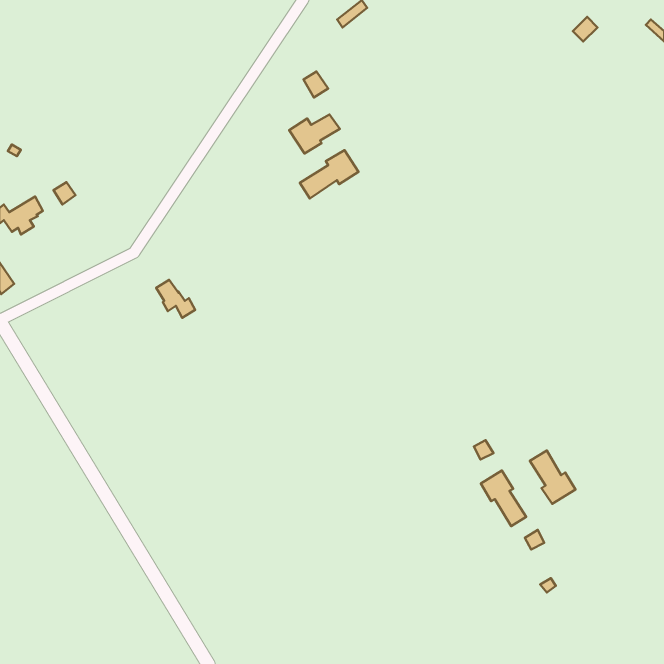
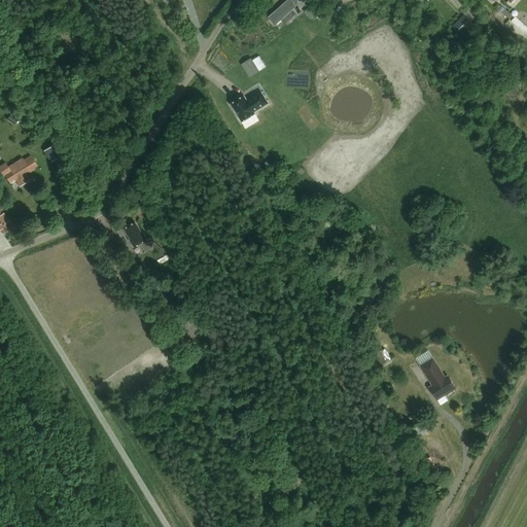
building: [300,150,358,199] -> none
building: [481,471,526,526] -> none

